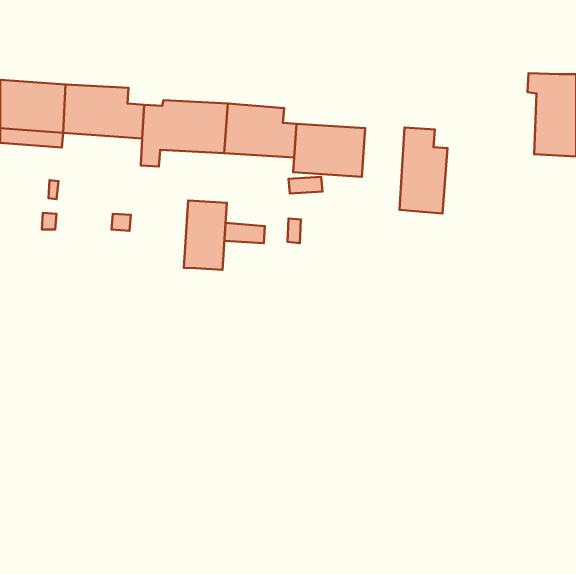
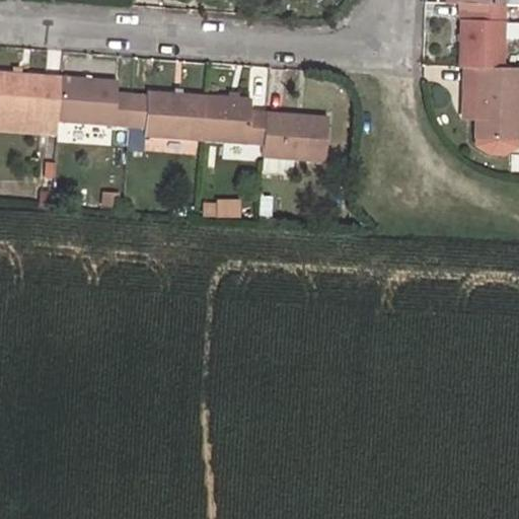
building: none -> [465,6,505,68]
building: [399,128,448,214] -> none
building: [184,201,227,270] -> none

